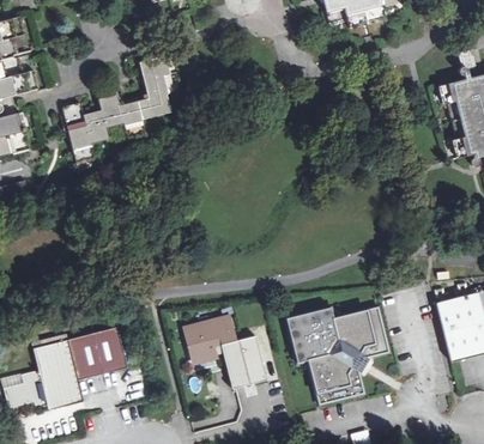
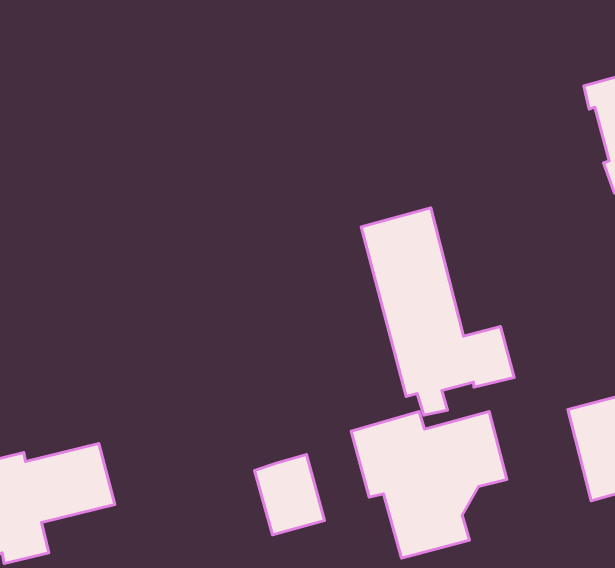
building: [62,53,181,162] -> none
building: none -> [361,208,514,415]
building: [184,315,235,363] -> none

